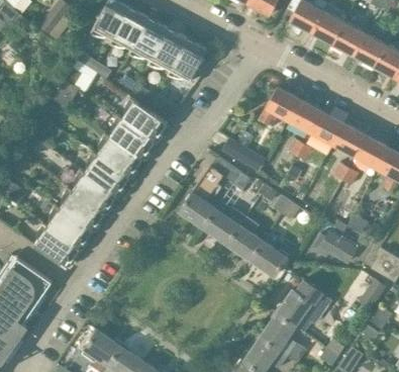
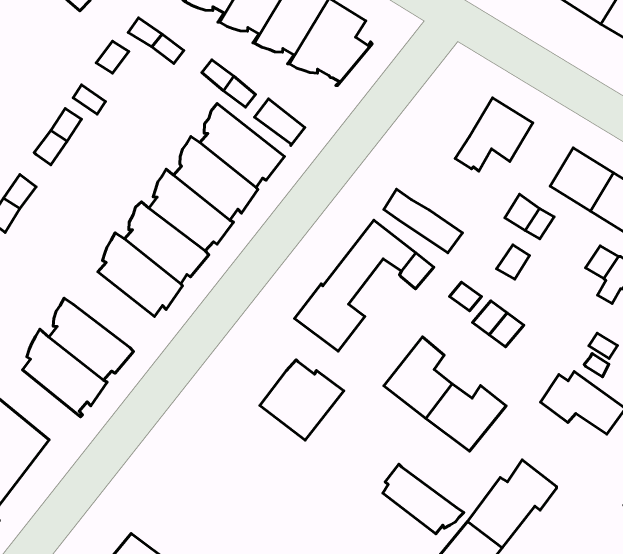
building: [288,99,321,132] -> none
building: [60,188,105,230] -> none
building: [202,201,246,244] -> [260,360,344,440]
building: none -> [383,464,464,534]

